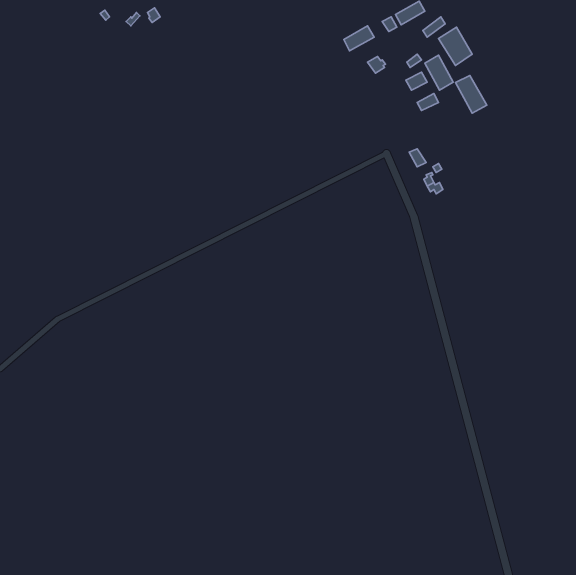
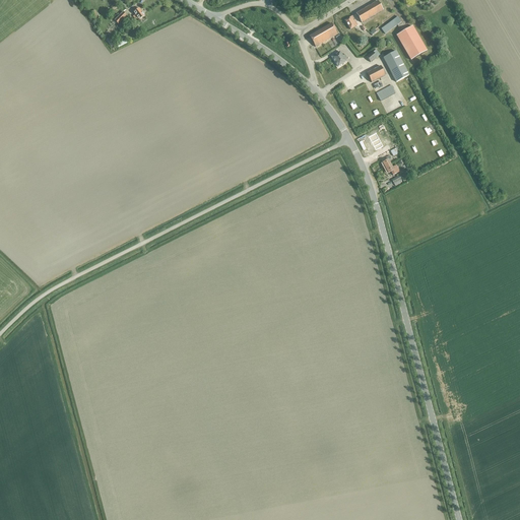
building: [455,75,487,113] -> none

